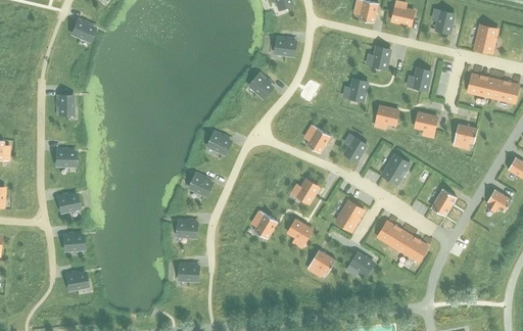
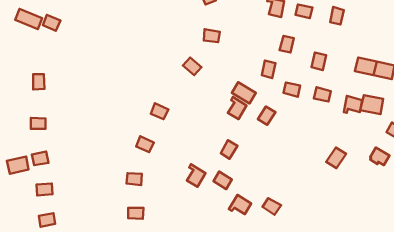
building: none -> [15,9,42,29]
building: [474,26,496,52] -> none
building: none -> [232,82,256,104]
building: none -> [360,95,383,114]
building: [381,154,409,184] -> none
building: none -> [7,156,29,174]
building: [335,201,363,231] -> none
building: [377,222,426,262] -> none

